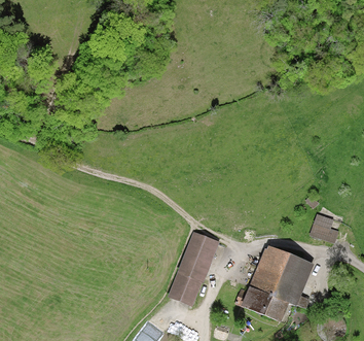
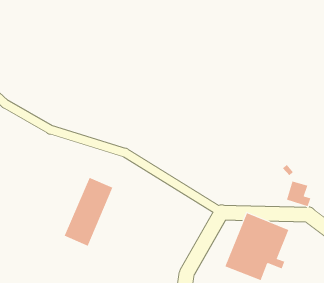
building: [166,232,218,306] -> [64,177,113,246]

